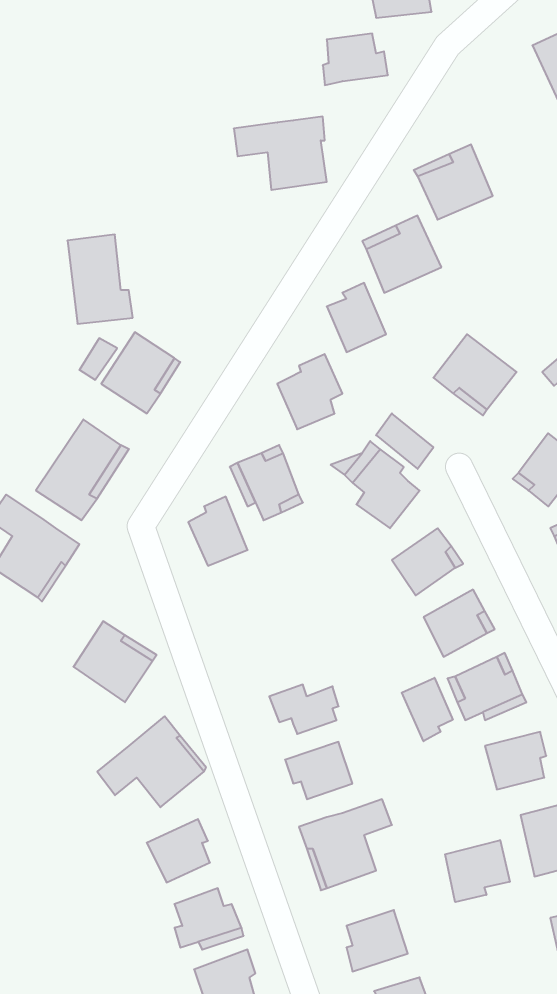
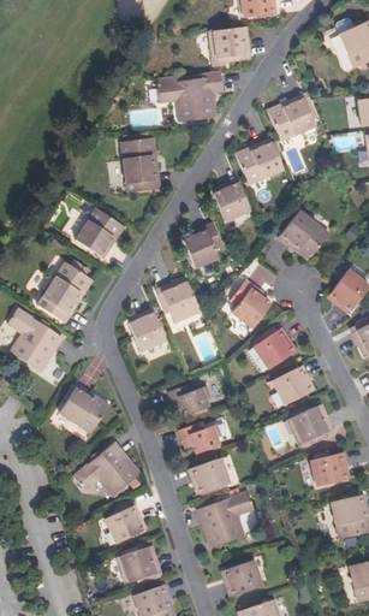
building: [67,235,133,324] -> [120,137,160,191]
building: none -> [168,385,209,415]
building: [402,678,453,741] -> none
building: [445,840,510,902] -> none

